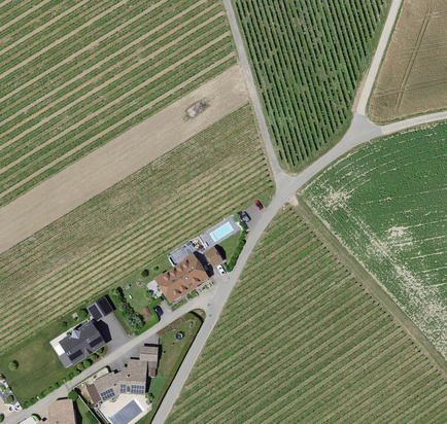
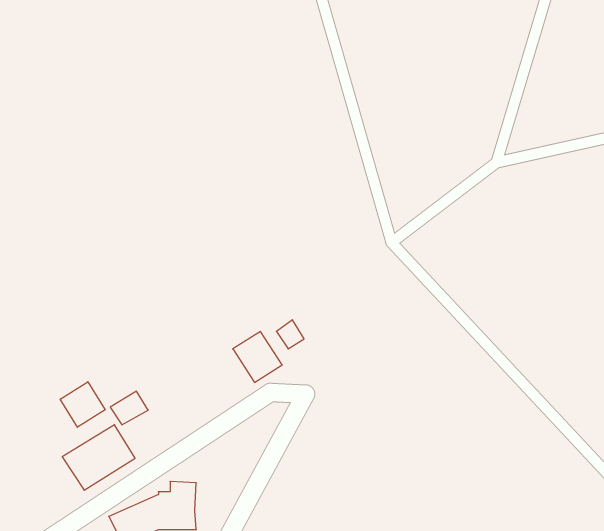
building: [151,267,188,304] -> none
building: none -> [60,382,105,427]

